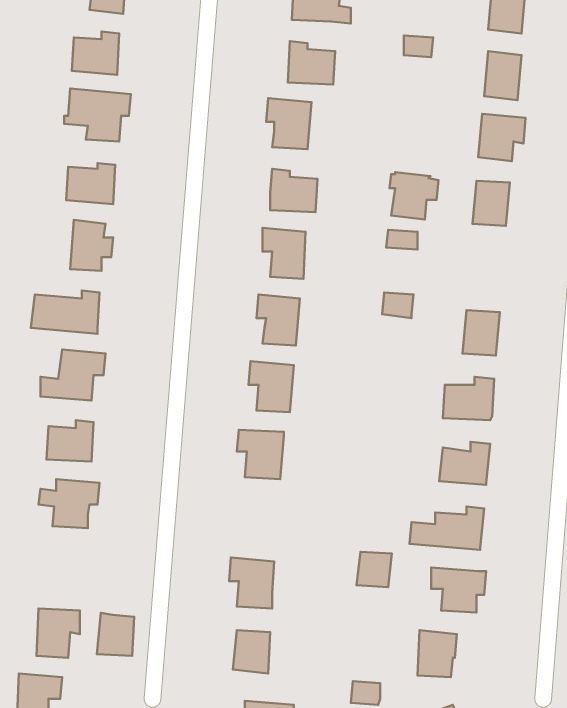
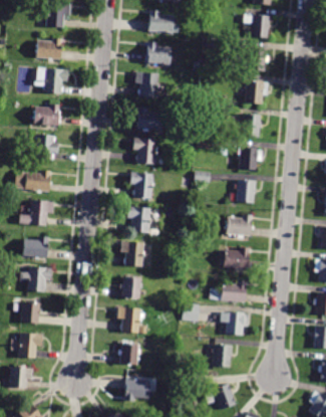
building: [389,172,438,219] -> [239,147,264,171]
building: none -> [124,276,143,298]
building: [97,613,134,656] -> [22,301,41,324]

